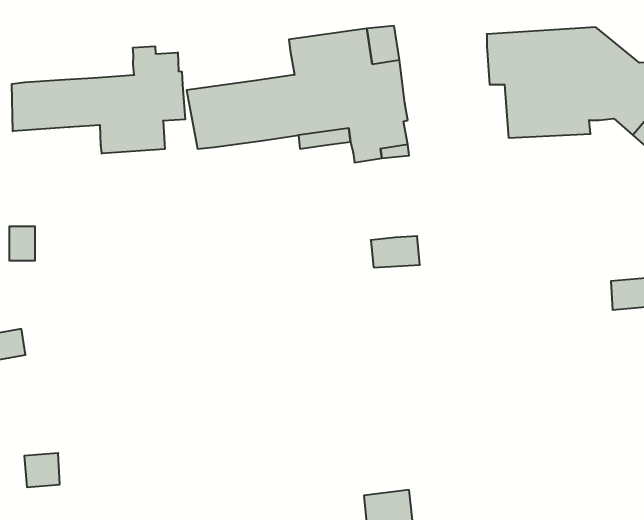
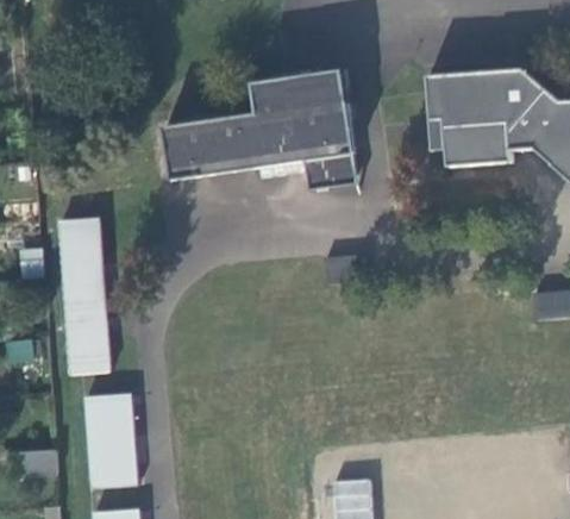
building: [12,46,185,154] -> none
building: none -> [61,219,112,376]
building: none -> [74,390,129,487]

